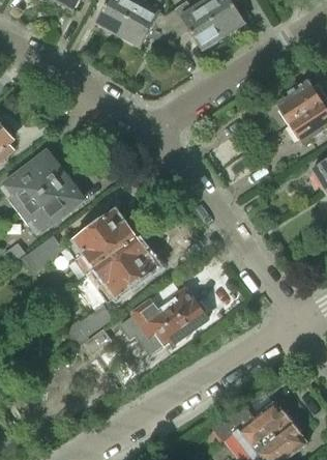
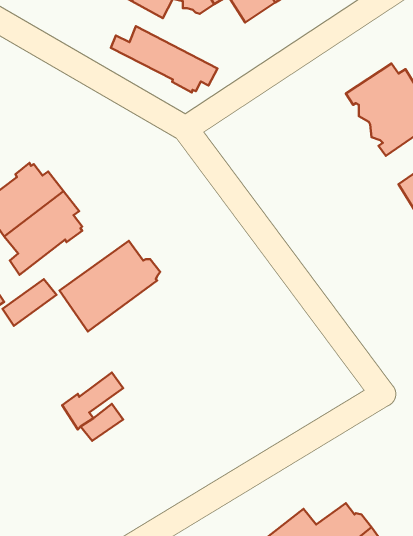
building: none -> [111,26,217,92]
building: [86,237,157,303] -> none
building: [119,290,208,356] -> none

